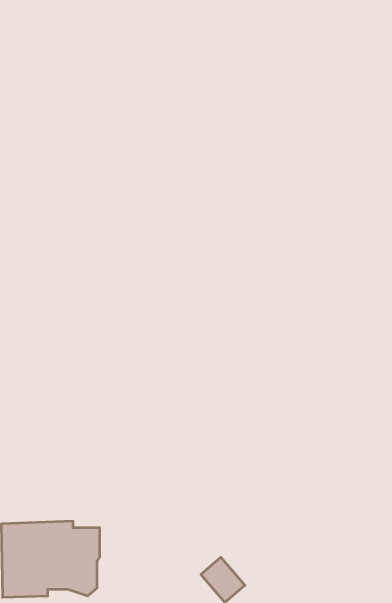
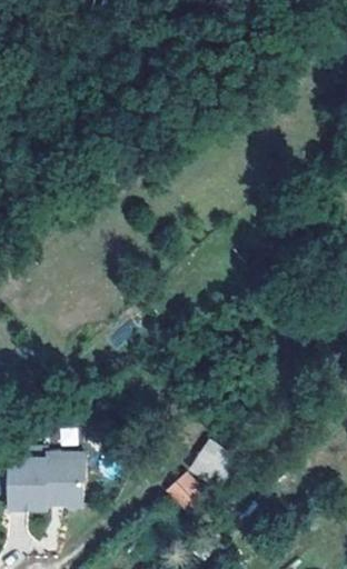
building: none -> [186,439,237,490]

